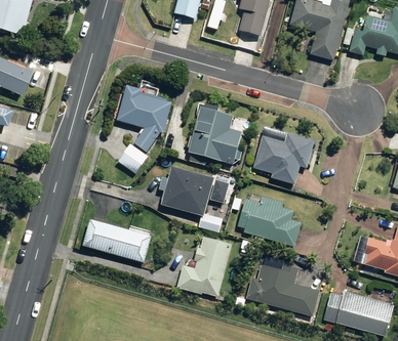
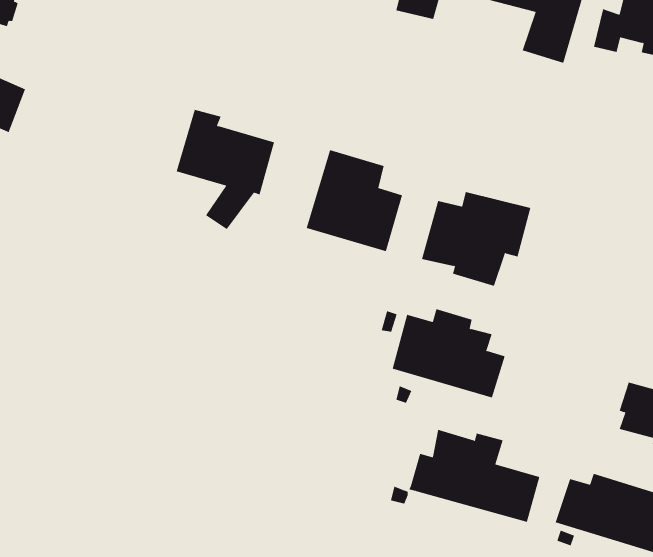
building: [116,143,146,173] -> none
building: [157,165,228,232] -> none
building: [81,218,150,262] -> none
building: [175,236,231,296] -> none

